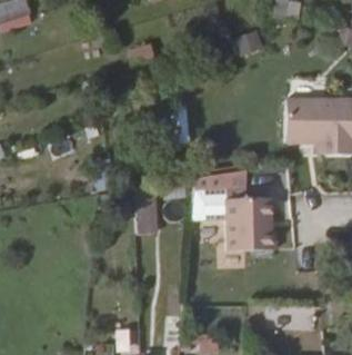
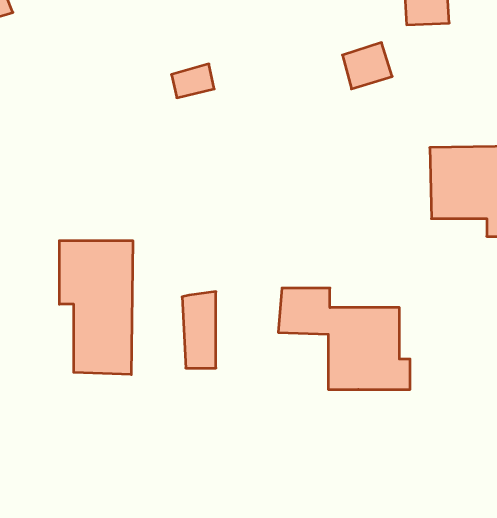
building: none -> [59,241,133,375]

